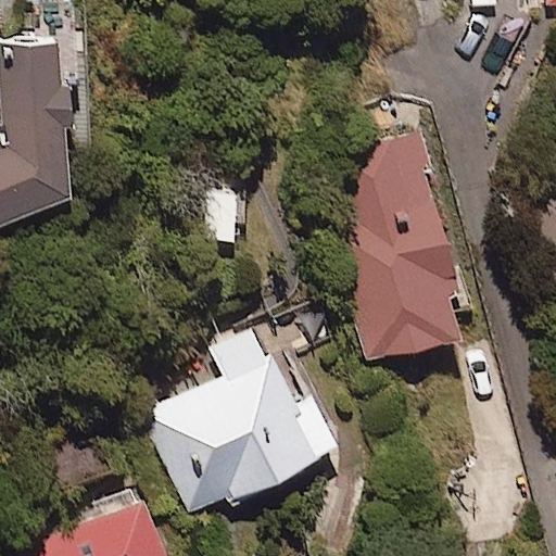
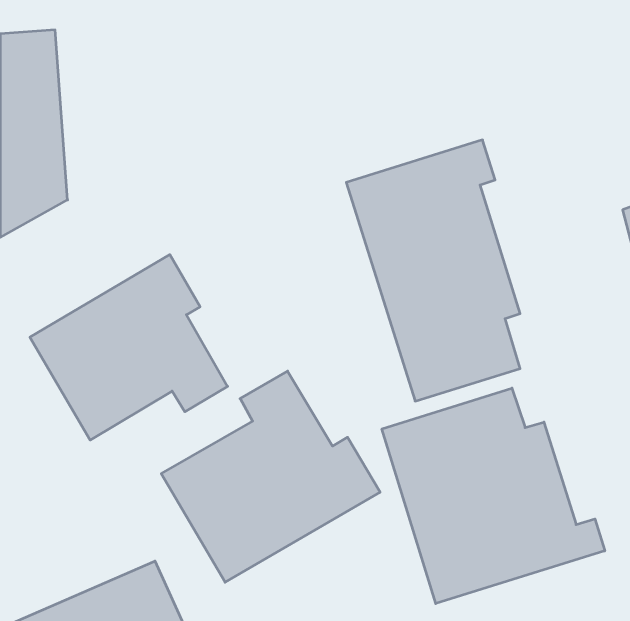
building: none -> [30,255,228,440]
building: none -> [382,388,605,604]

